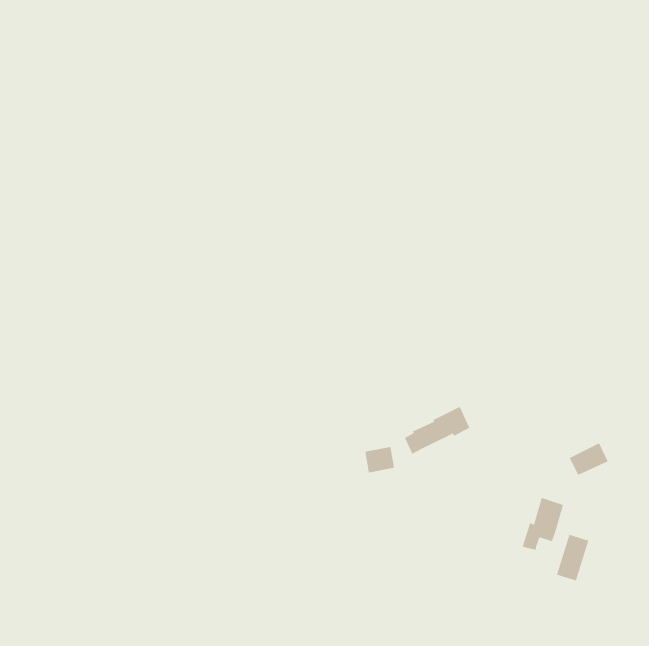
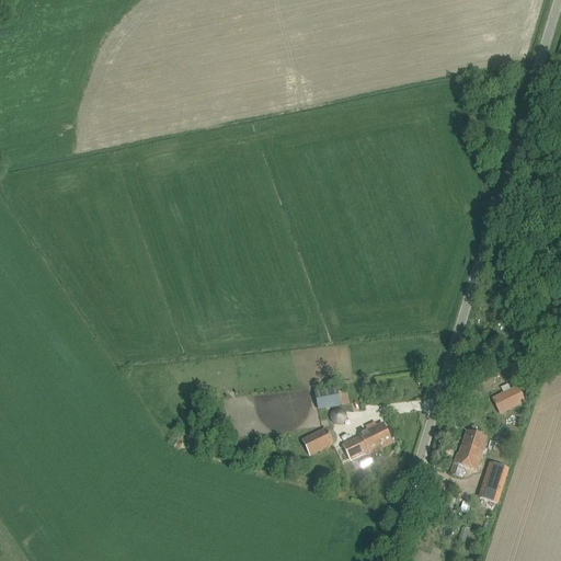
building: [404,406,470,454] -> [335,421,392,462]
building: none -> [302,426,333,454]

